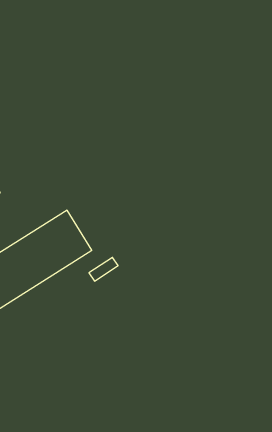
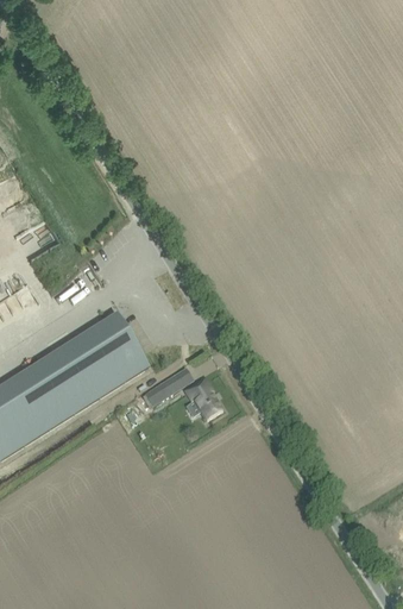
building: none -> [187,377,222,419]

